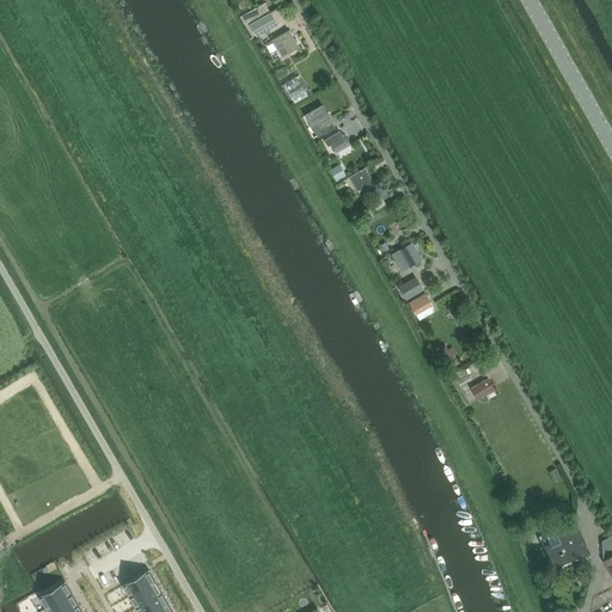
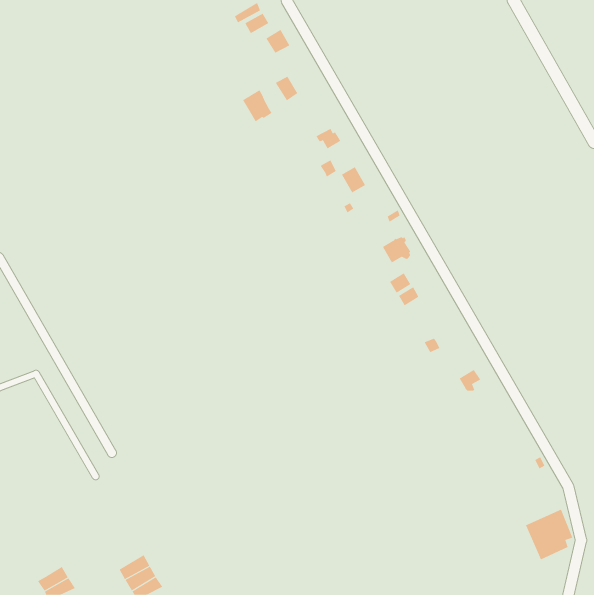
building: [304,103,335,136] -> [242,90,272,122]

